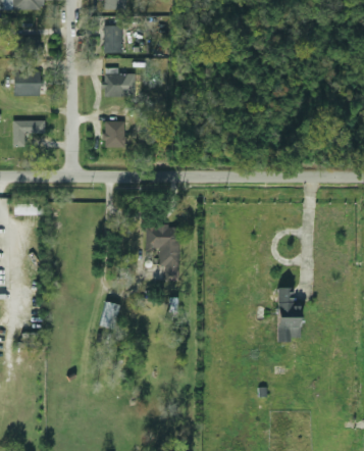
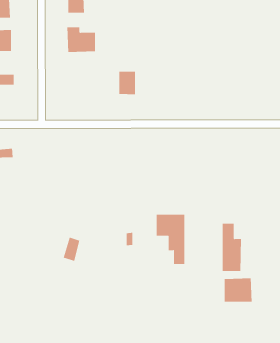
building: [106,120,125,147] -> [119,71,136,95]
building: [146,225,178,282] -> [156,214,185,264]
building: none -> [224,277,252,302]

